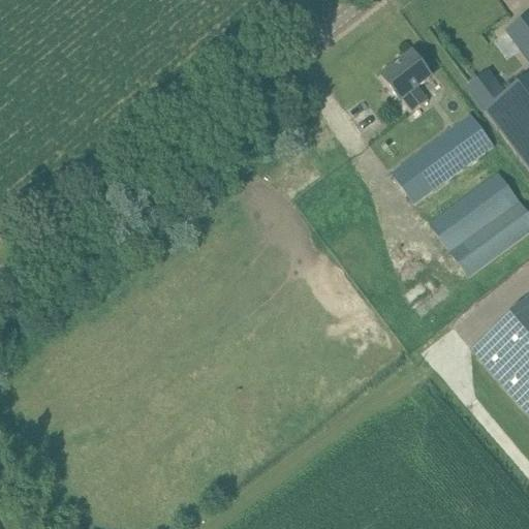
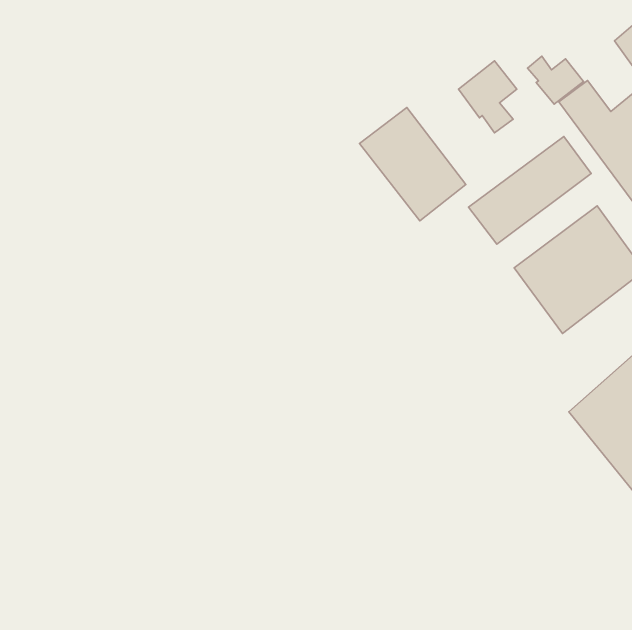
building: none -> [528,56,583,104]
building: none -> [360,107,466,221]

